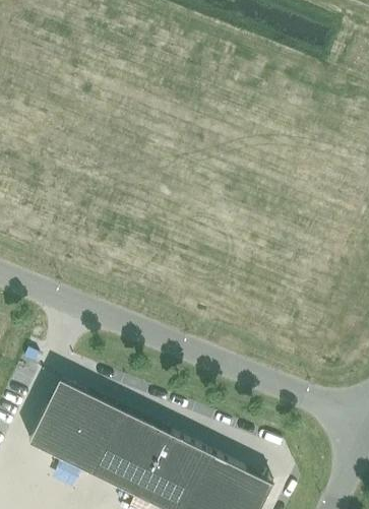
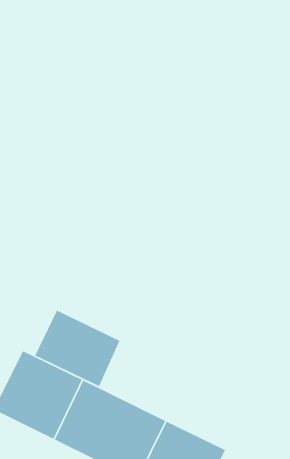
building: none -> [34,309,120,387]

